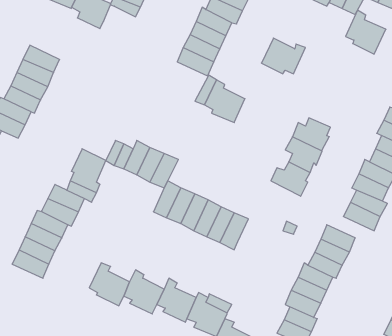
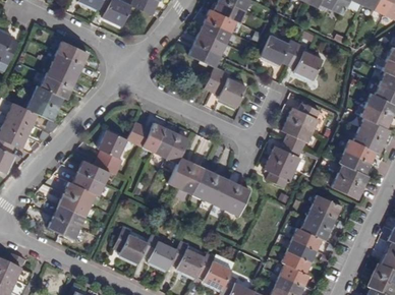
building: [346,10,386,54] -> [288,43,323,80]
building: none -> [263,157,294,187]

